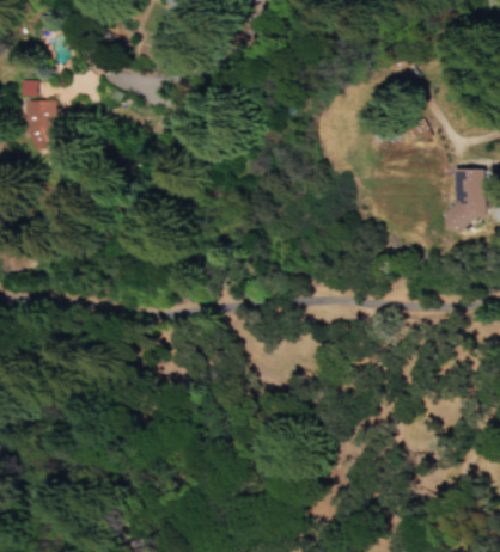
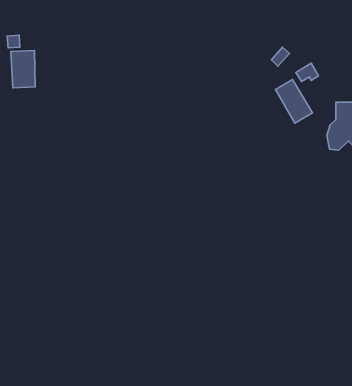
building: none -> [275,80,313,123]

